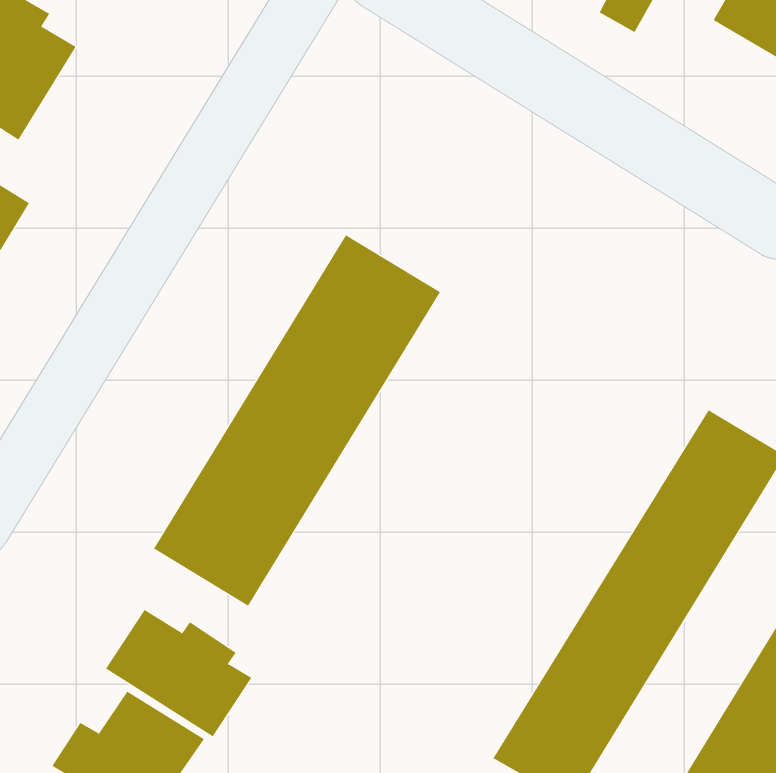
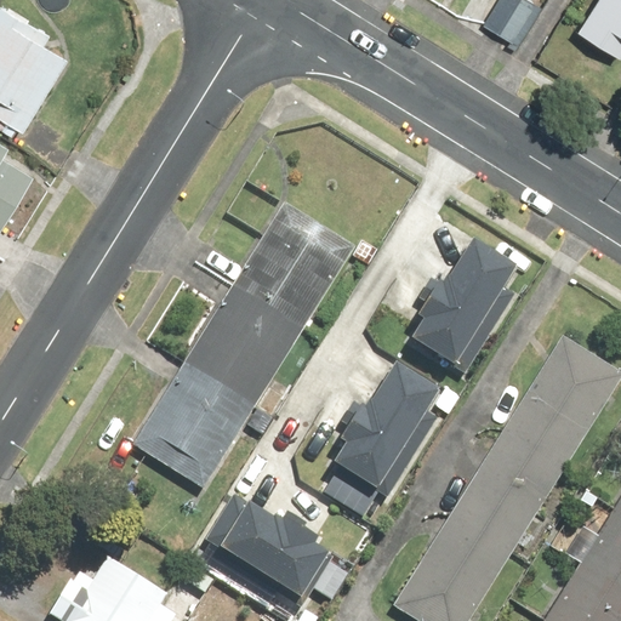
building: none -> [406,243,514,378]
building: none -> [330,364,438,501]
building: [105,609,252,737] -> [216,503,330,603]

